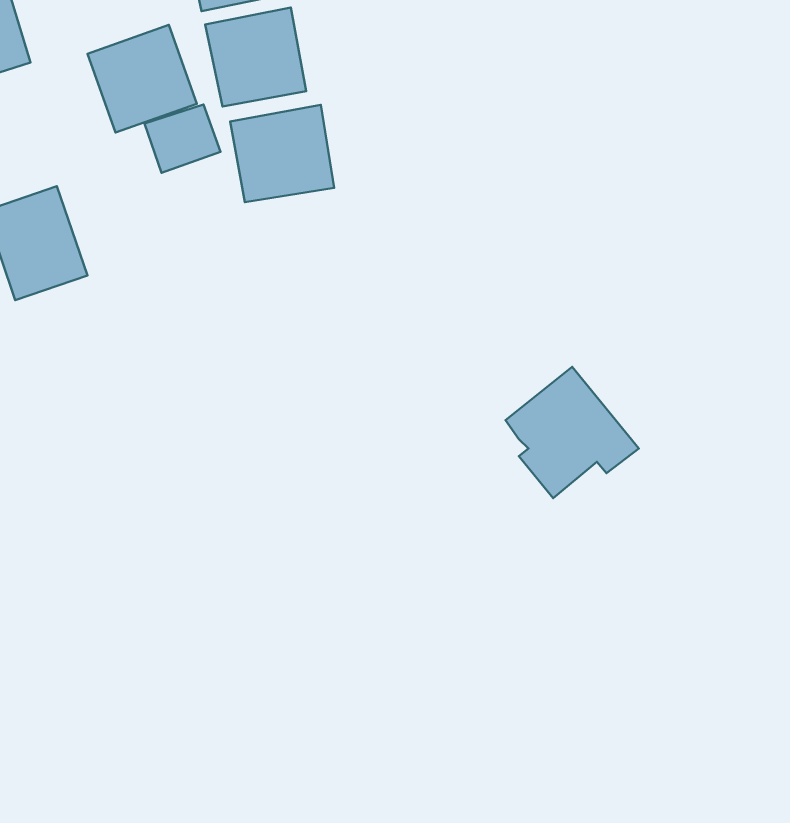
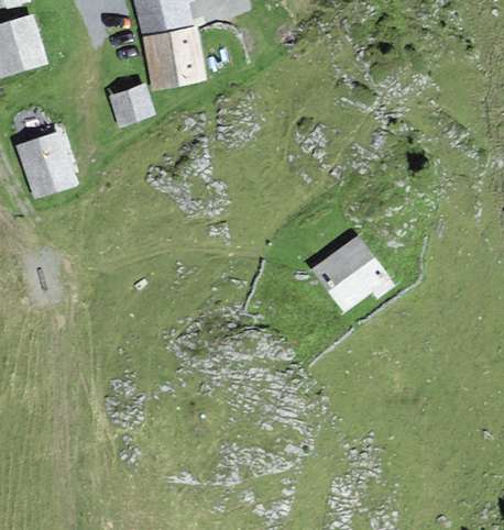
building: [87,25,197,132] -> none
building: [230,105,334,202] -> none

